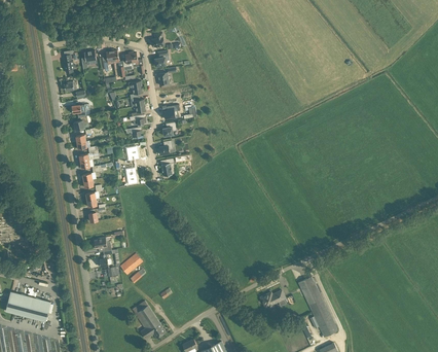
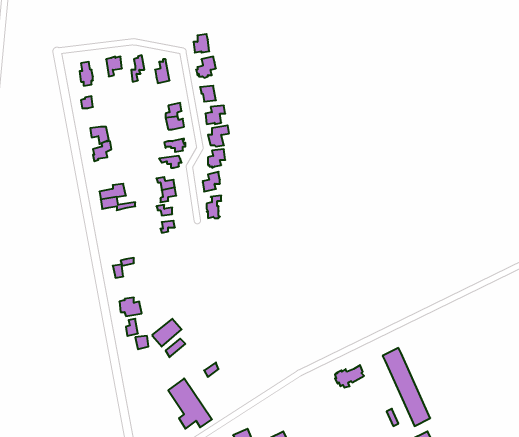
building: [5,291,50,322] -> none

